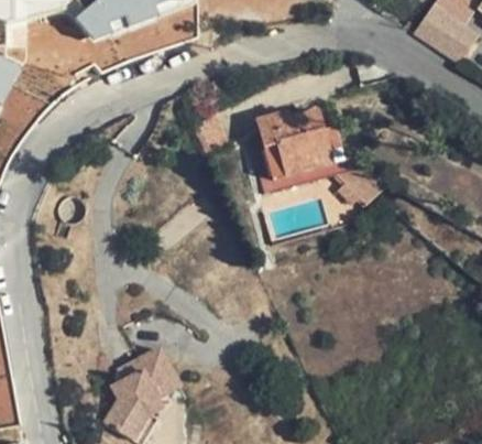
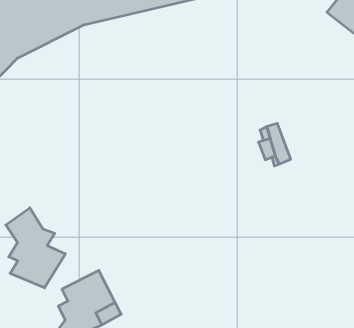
building: [250,105,329,188] -> none
building: none -> [6,208,65,288]

